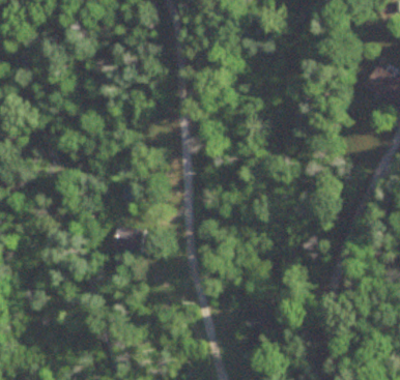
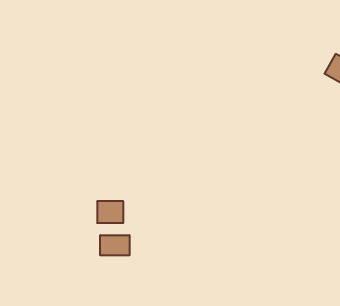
building: none -> [100,235,129,255]

